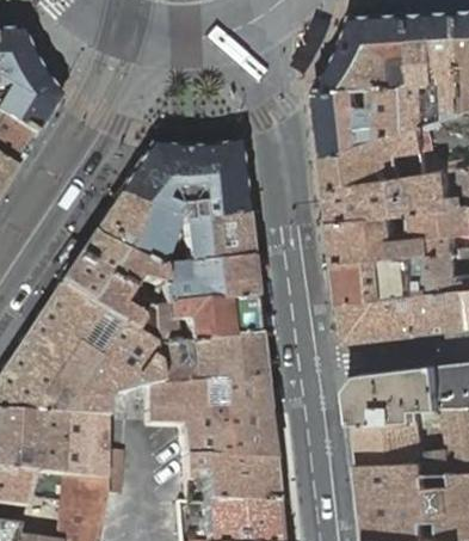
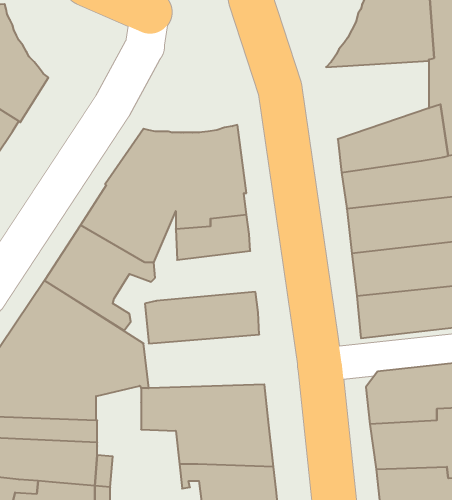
building: [320,85,415,158] -> none
building: [160,262,254,308] -> none
building: [150,339,263,389] -> none

